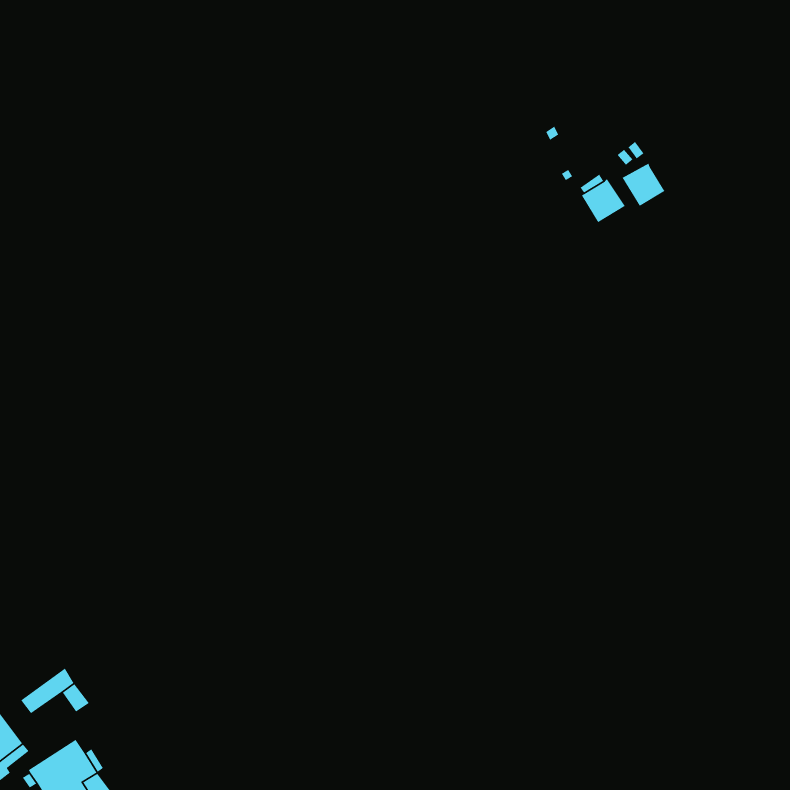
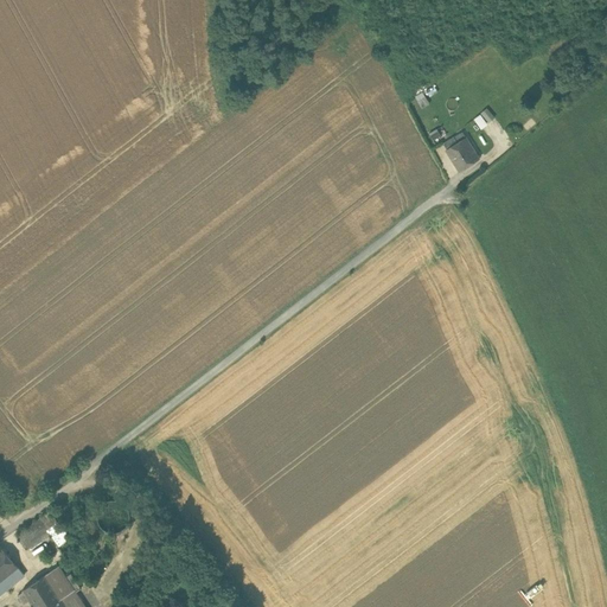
building: [622,162,666,207] -> none

